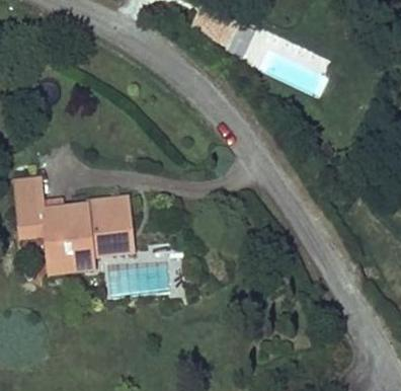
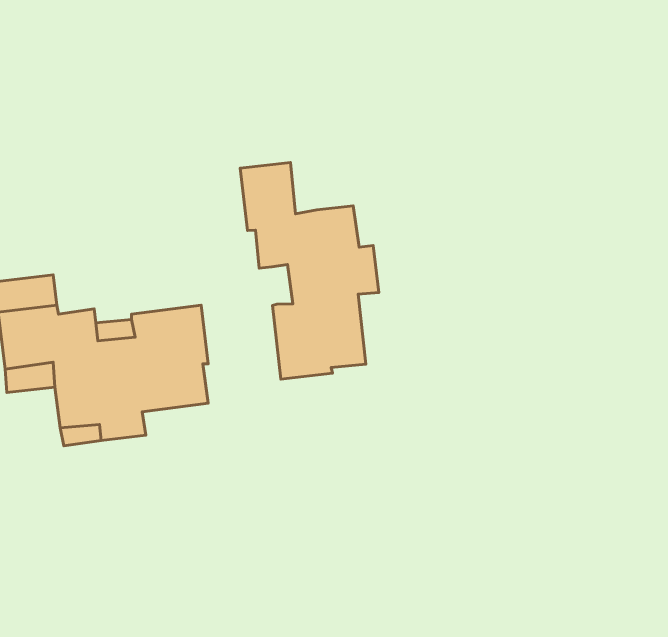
building: none -> [240,162,379,379]

